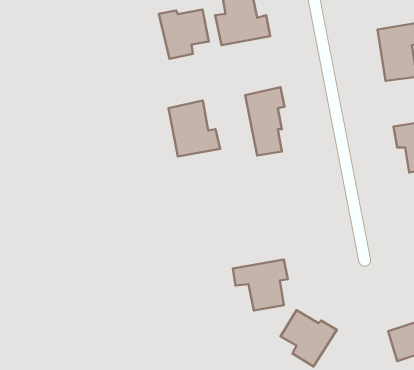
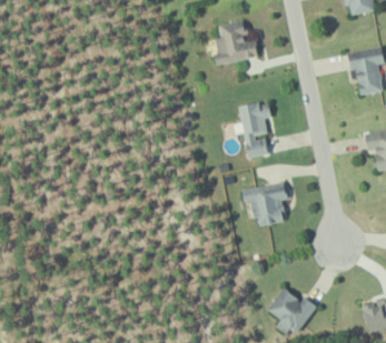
building: [159,10,209,59] -> none
building: [168,101,220,157] -> none
building: [233,259,288,311] -> [241,182,288,225]

